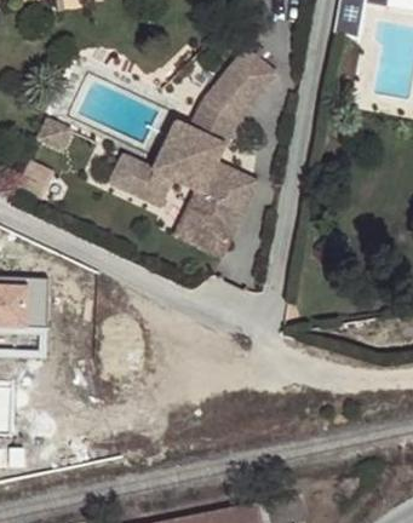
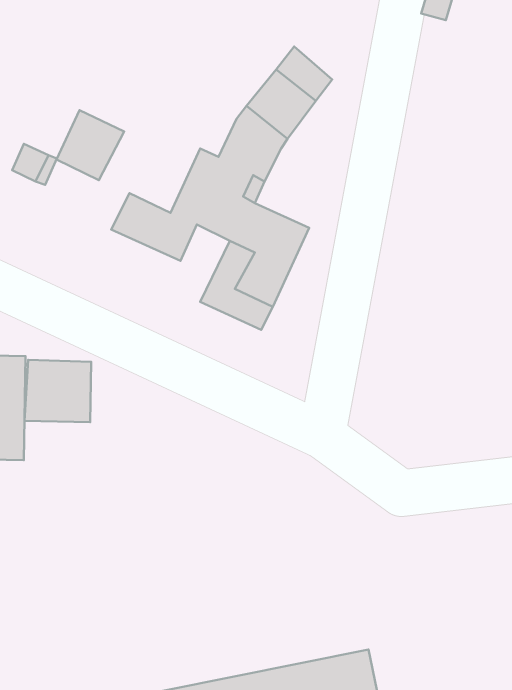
building: none -> [56,110,124,180]
building: none -> [24,360,91,422]

